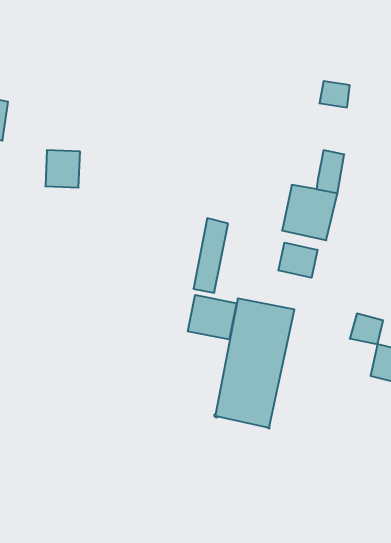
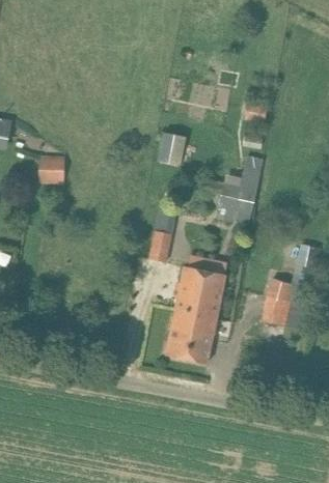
building: none -> [158,133,186,165]
building: [278,243,317,278] -> none
building: [188,295,237,339] -> none

